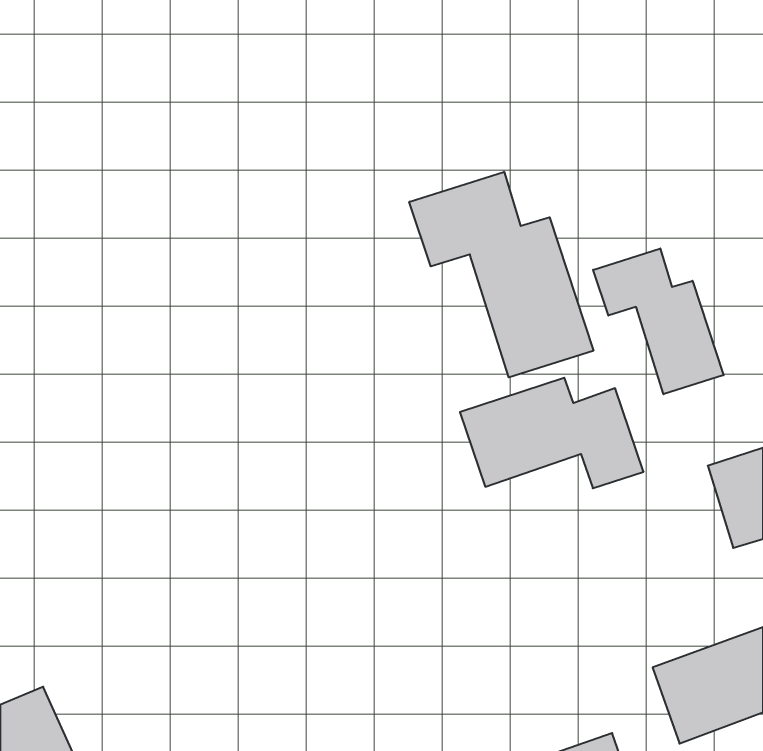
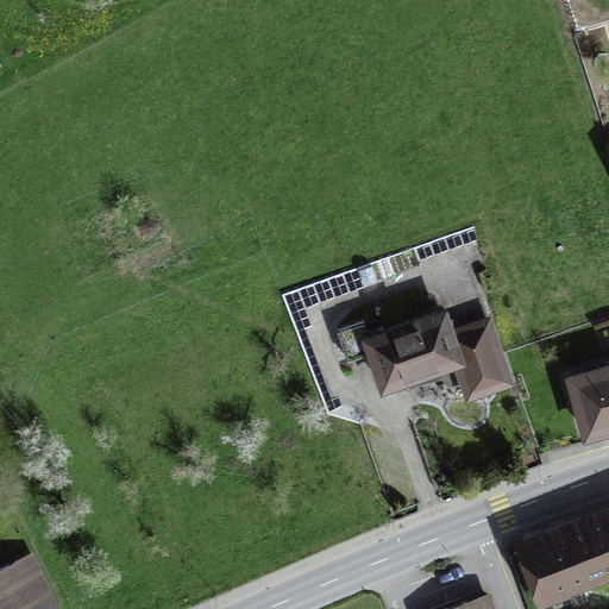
building: [409,172,593,377] -> none
building: [593,248,724,394] -> none

